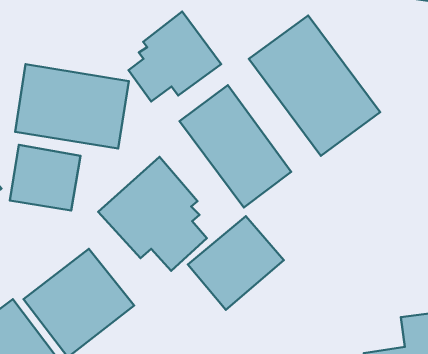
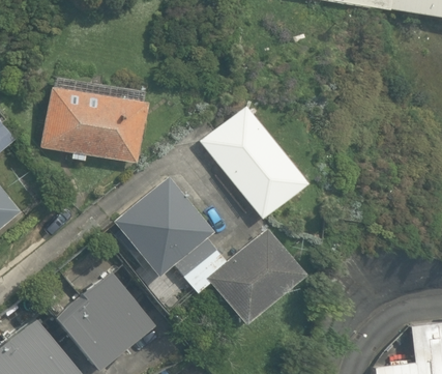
building: [128,12,221,101] -> none
building: [249,15,380,156] -> none
building: [10,145,81,211] -> none

